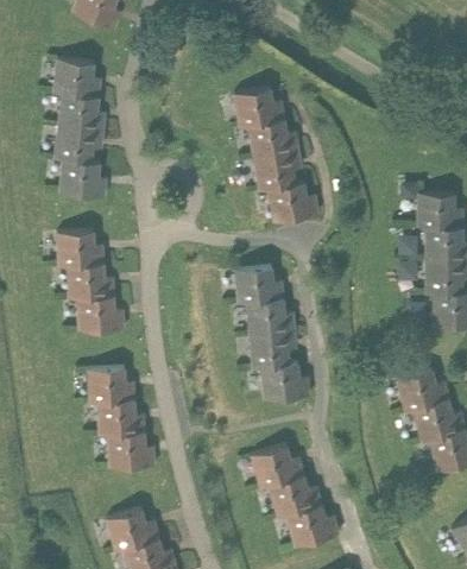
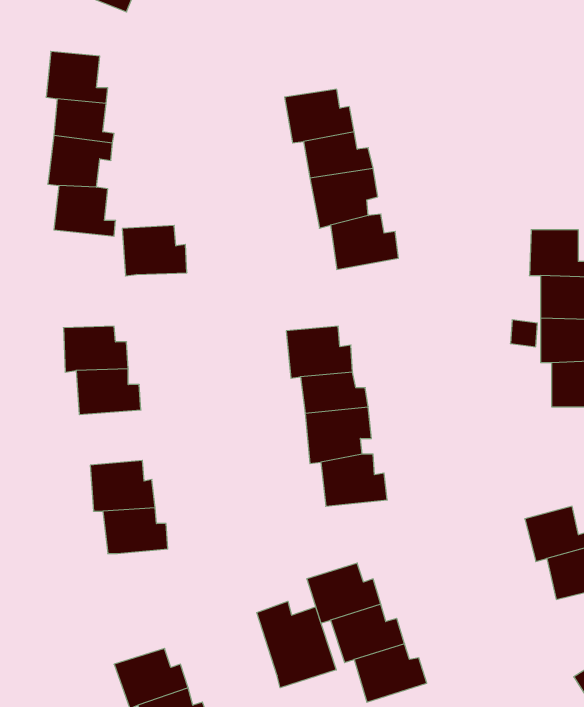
building: [56,230,105,268] -> [122,225,187,276]
building: [397,369,449,413] -> none
building: [107,434,156,470] -> none
building: none -> [257,601,336,688]

